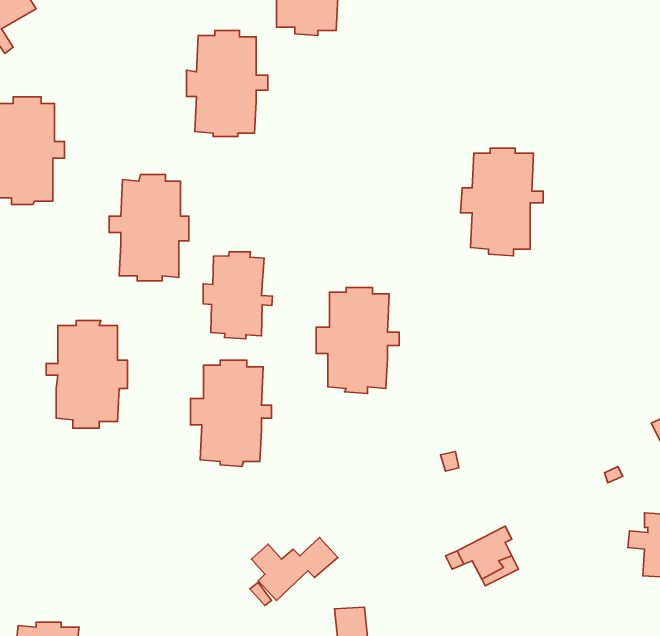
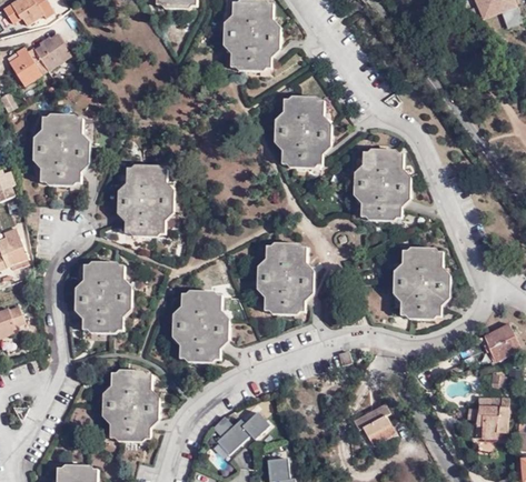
building: [187,30,268,136] -> [275,97,329,168]
building: [203,252,273,339] -> none
building: none -> [398,247,450,318]
building: none -> [103,370,159,442]

